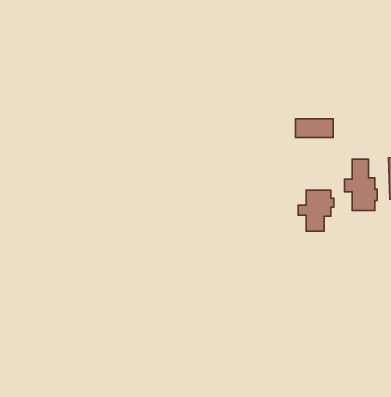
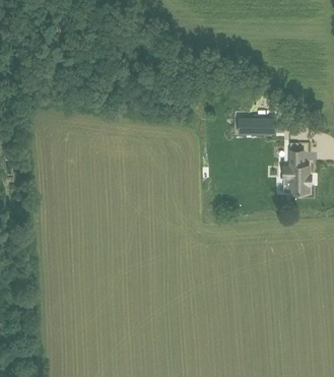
building: [298,190,334,231] -> none

